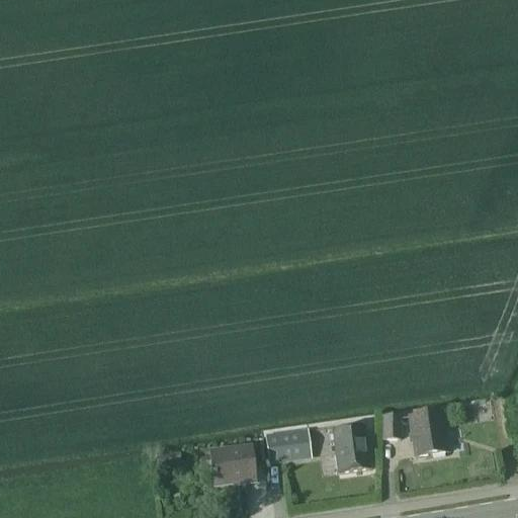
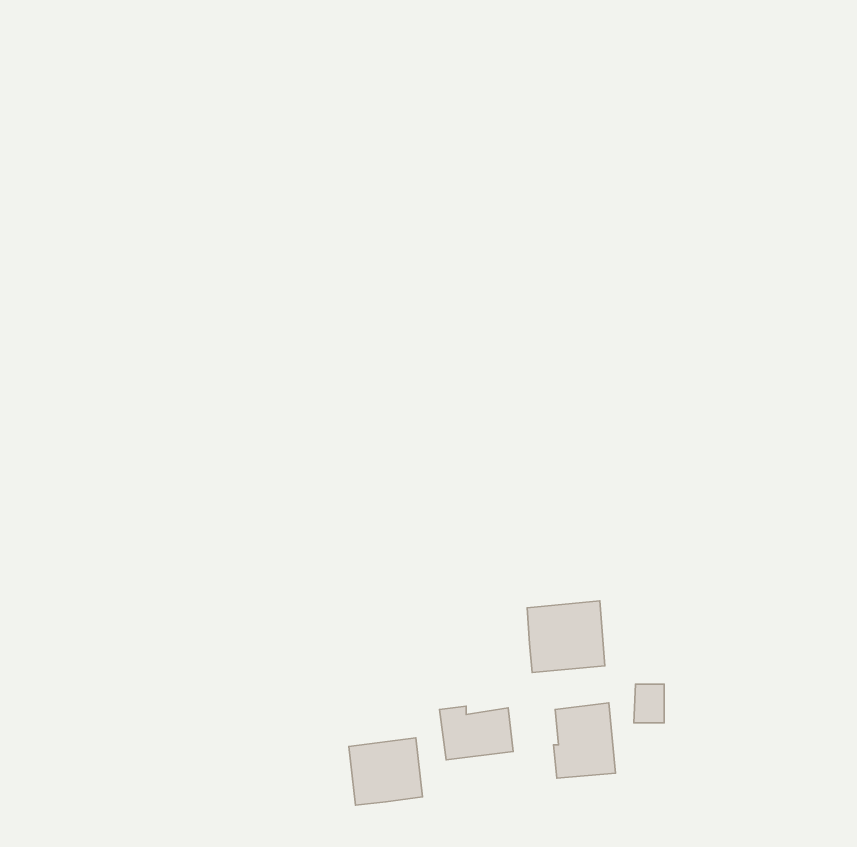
building: none -> [527,601,605,673]
building: [409,409,448,453] -> none

